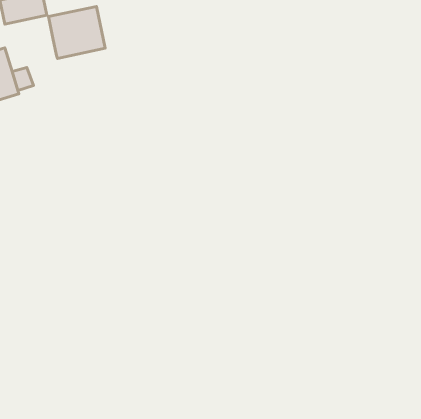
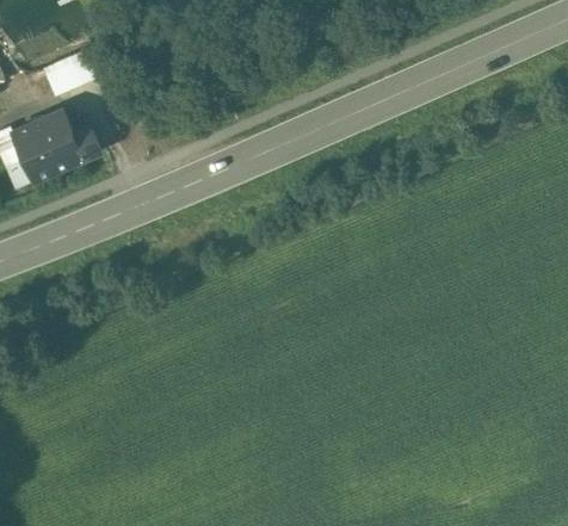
building: [49,7,105,58] -> none

